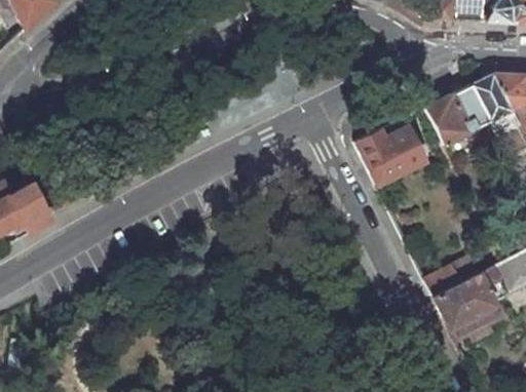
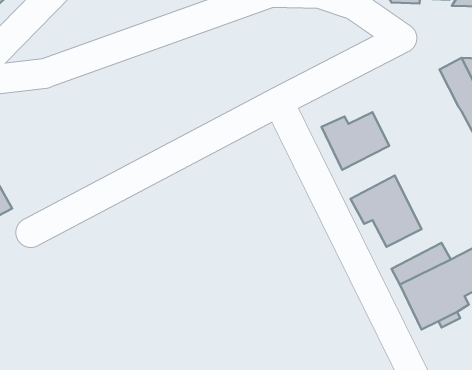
building: [426,84,492,144] -> none
building: none -> [350,176,421,247]

